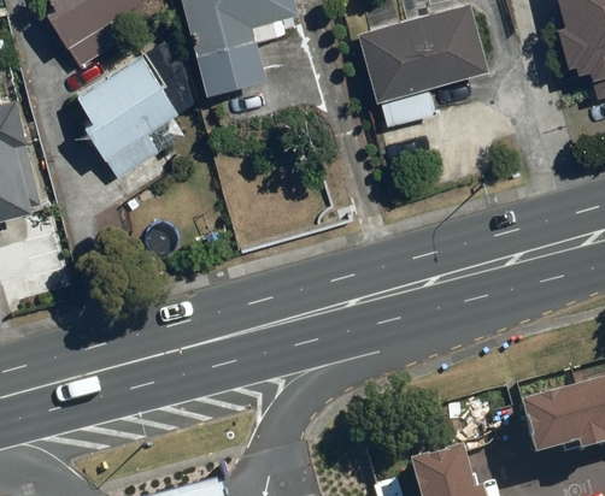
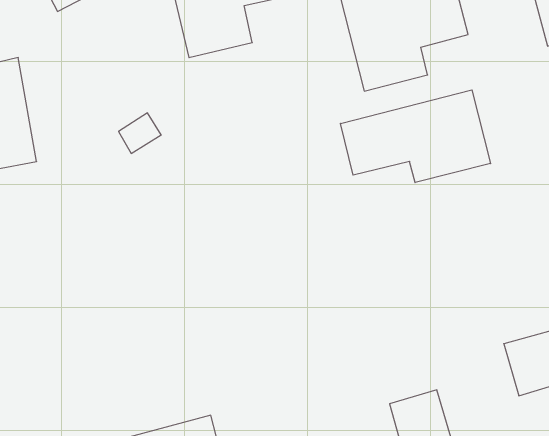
building: [75,55,178,161] -> none
building: none -> [340,90,491,183]

